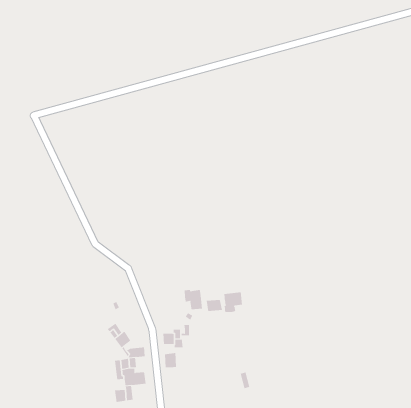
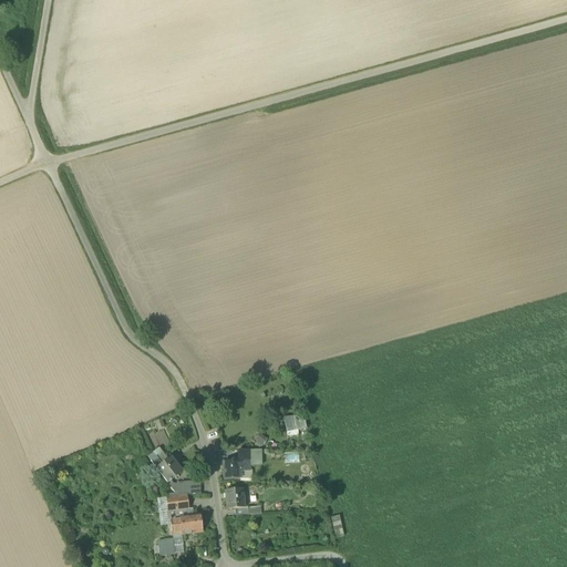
building: [184,289,202,310] -> none
building: [224,292,243,313] -> none

